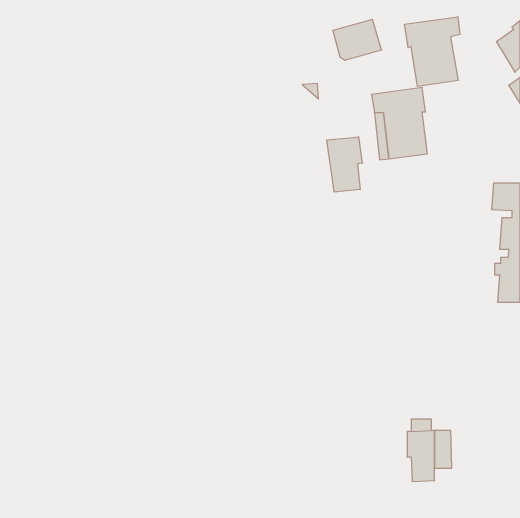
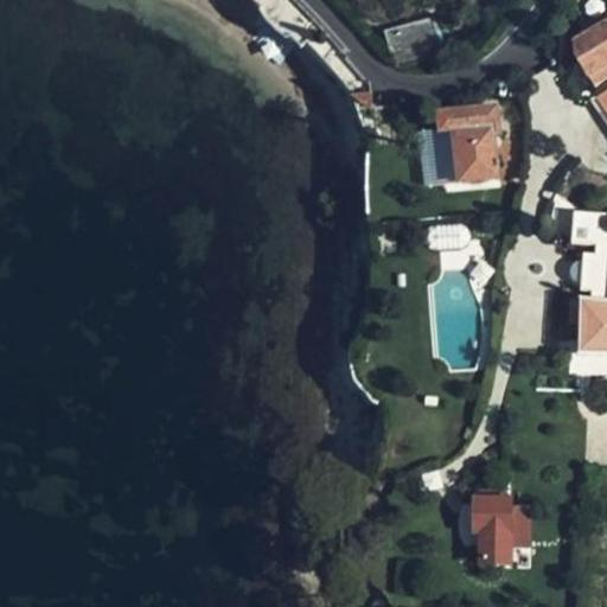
building: [405,17,460,86] -> none
building: [327,137,362,192] -> none

